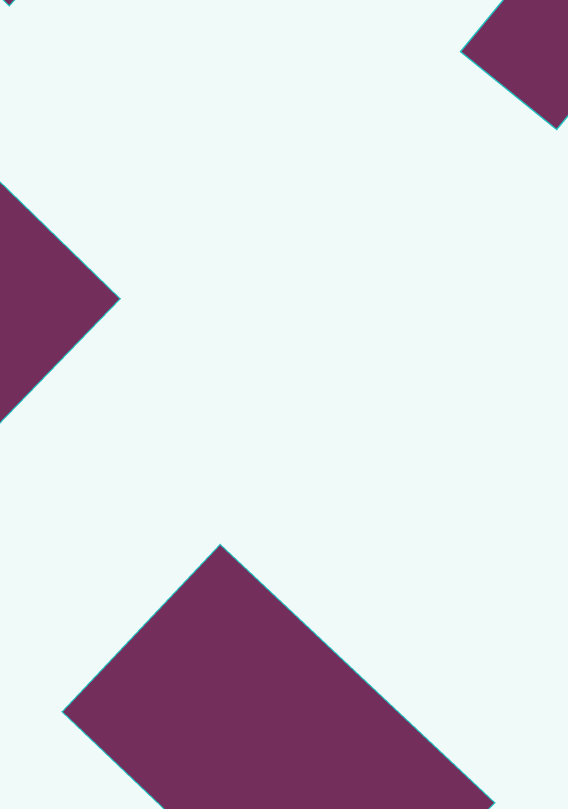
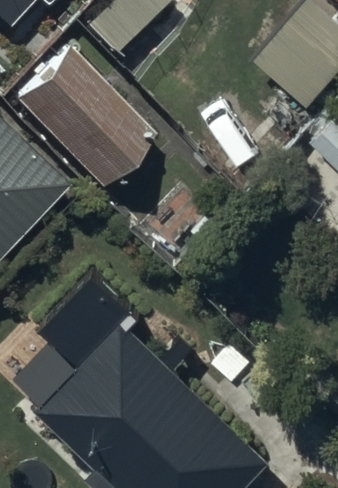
building: none -> [10,37,152,182]

